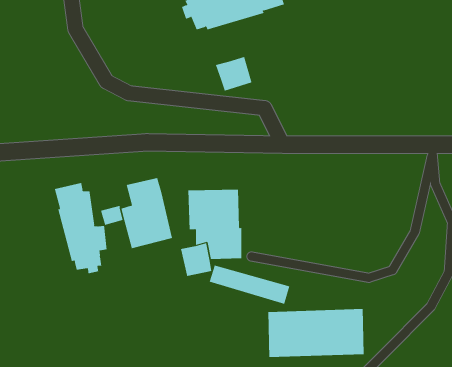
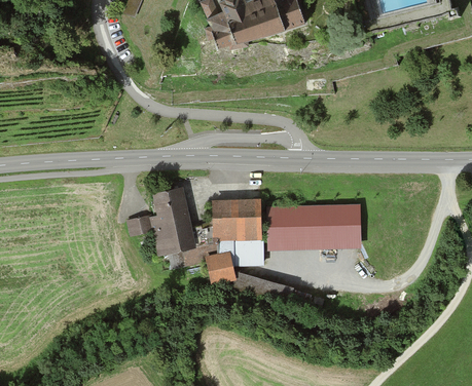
building: [215,56,252,92] -> none
building: [54,182,107,274] -> none
building: [267,309,364,358] -> [267,203,361,250]

